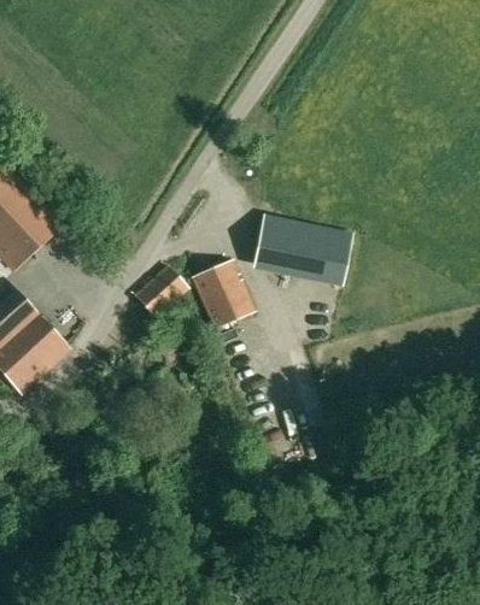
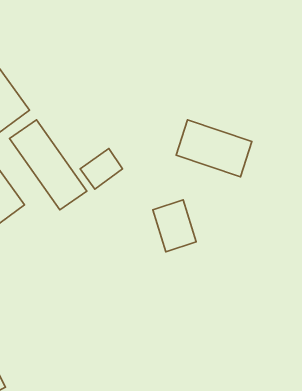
building: none -> [10,120,87,210]
building: [193,260,253,329] -> [153,200,196,252]

